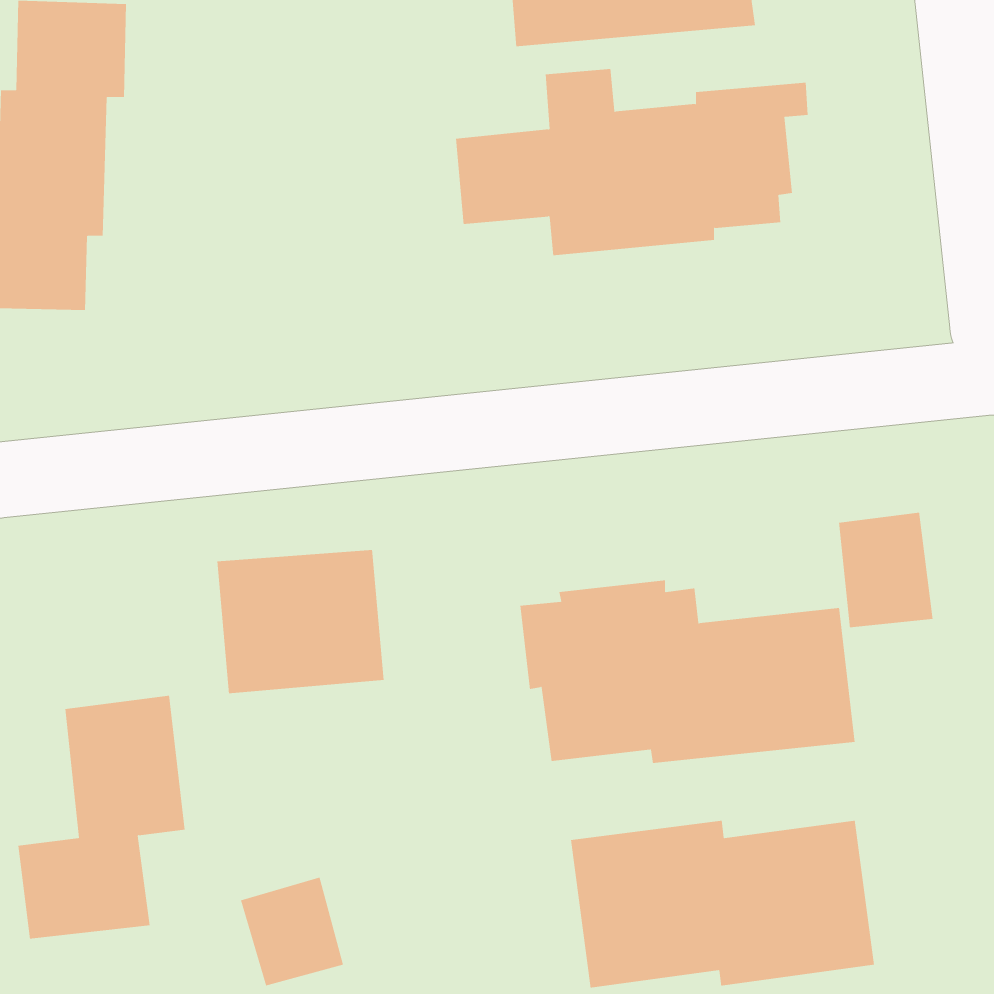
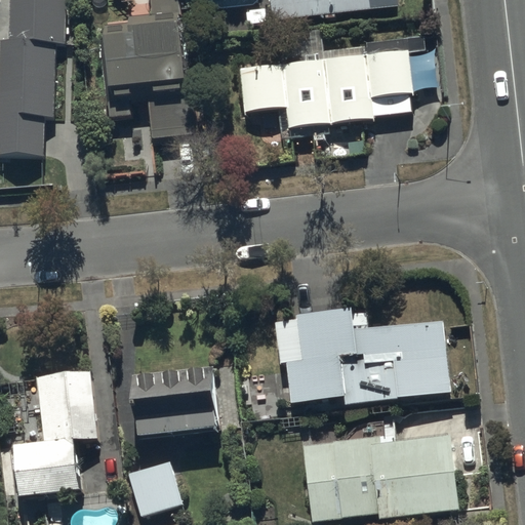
building: none -> [106,5,192,148]
building: [838,512,933,628] -> none
building: [216,549,384,694] -> [128,364,216,440]

